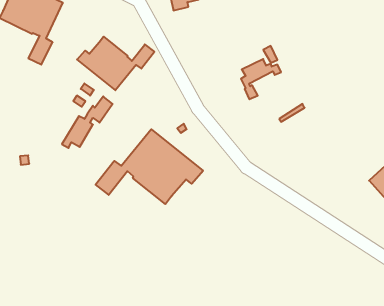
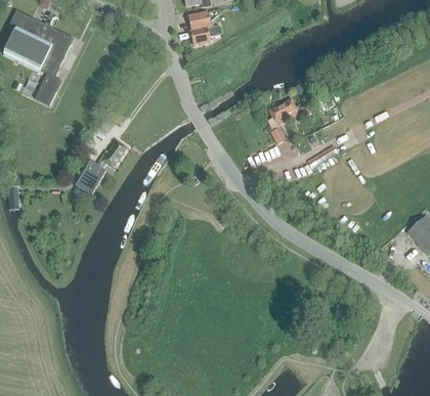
building: [77,37,154,90] -> none
building: [96,129,203,204] -> none

